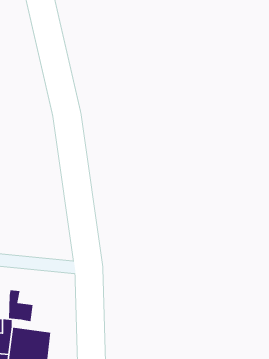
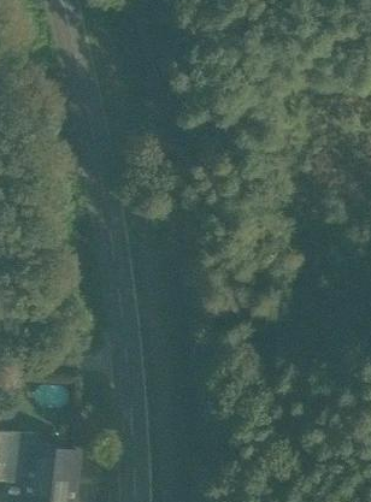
building: [8,289,34,322] -> none

